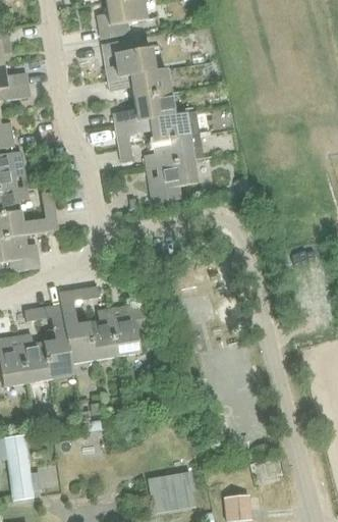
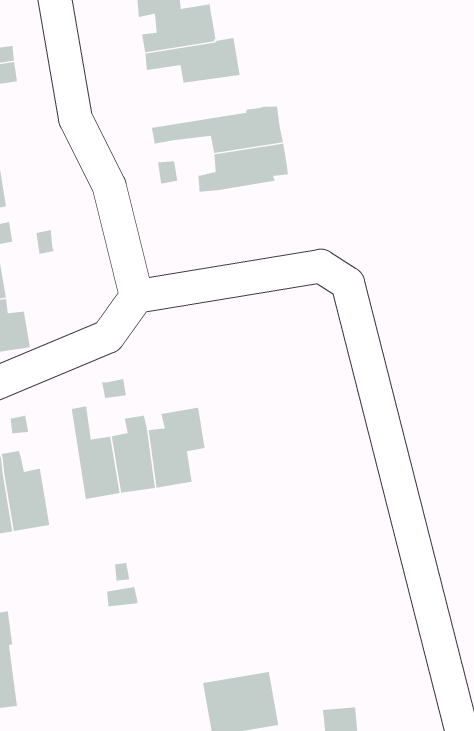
building: [115,93,174,125] -> none
building: [149,160,196,203] -> none
building: [44,305,74,379] -> none

